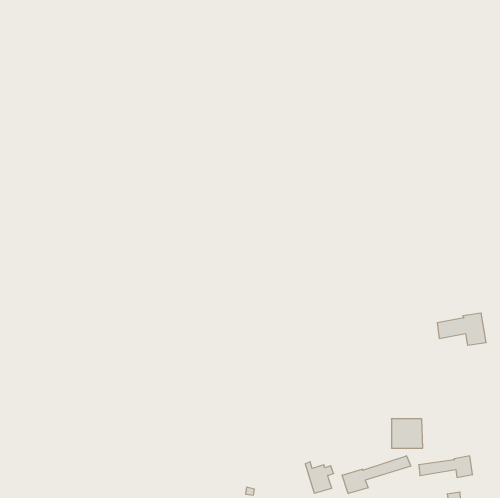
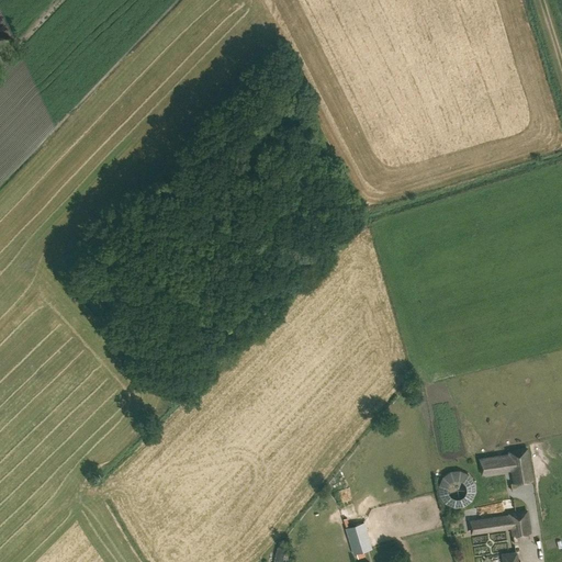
building: [437,313,486,345] -> [479,449,533,485]
building: [342,456,411,494] -> none

